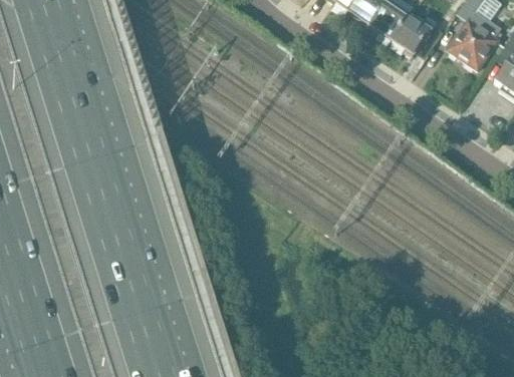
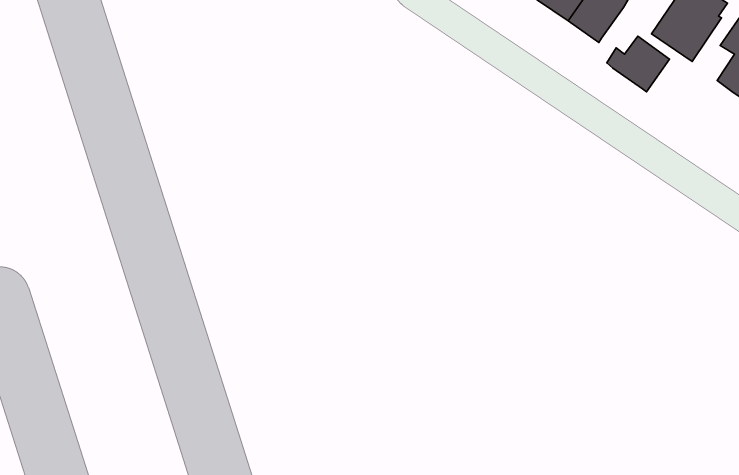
building: none -> [607,36,670,92]

